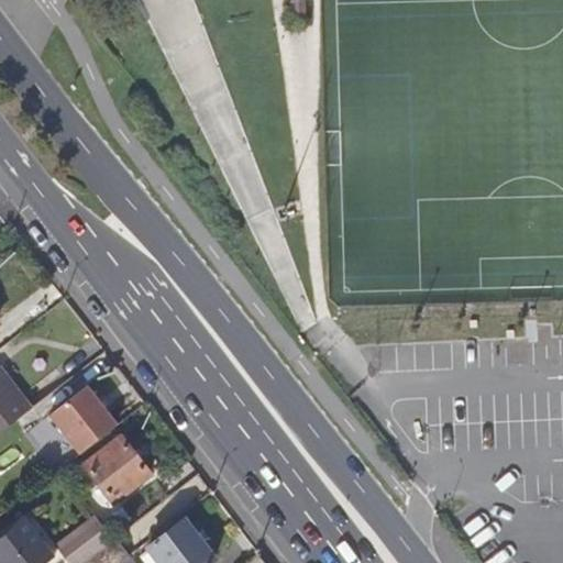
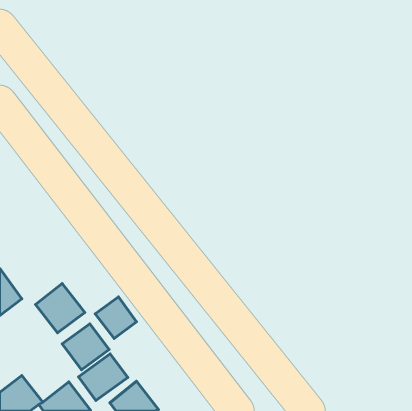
building: none -> [95,297,137,338]
building: none -> [78,354,128,401]

